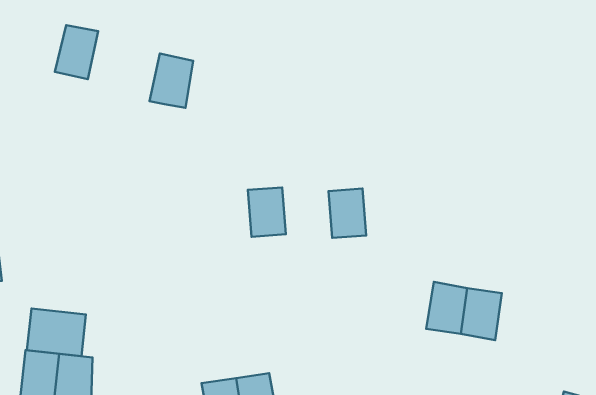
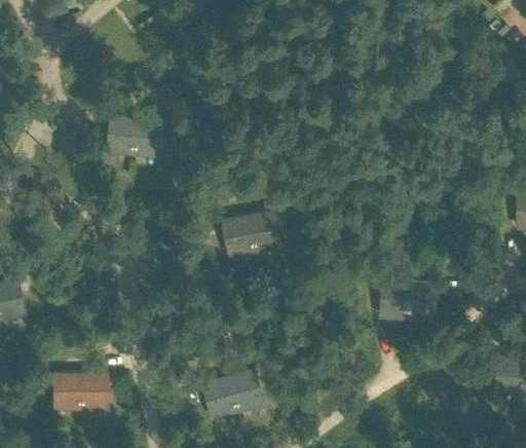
building: [55,25,98,79] -> [104,115,136,157]
building: [328,189,366,238] -> [248,211,283,254]
building: [27,309,86,356] -> none

